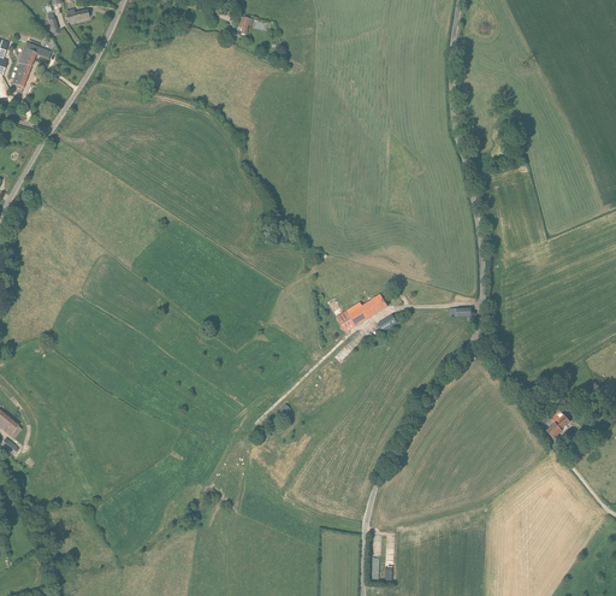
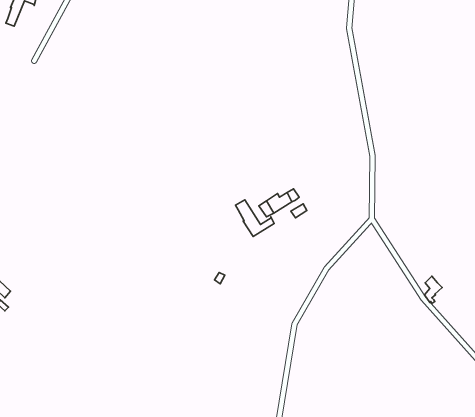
building: none -> [235,200,274,237]

